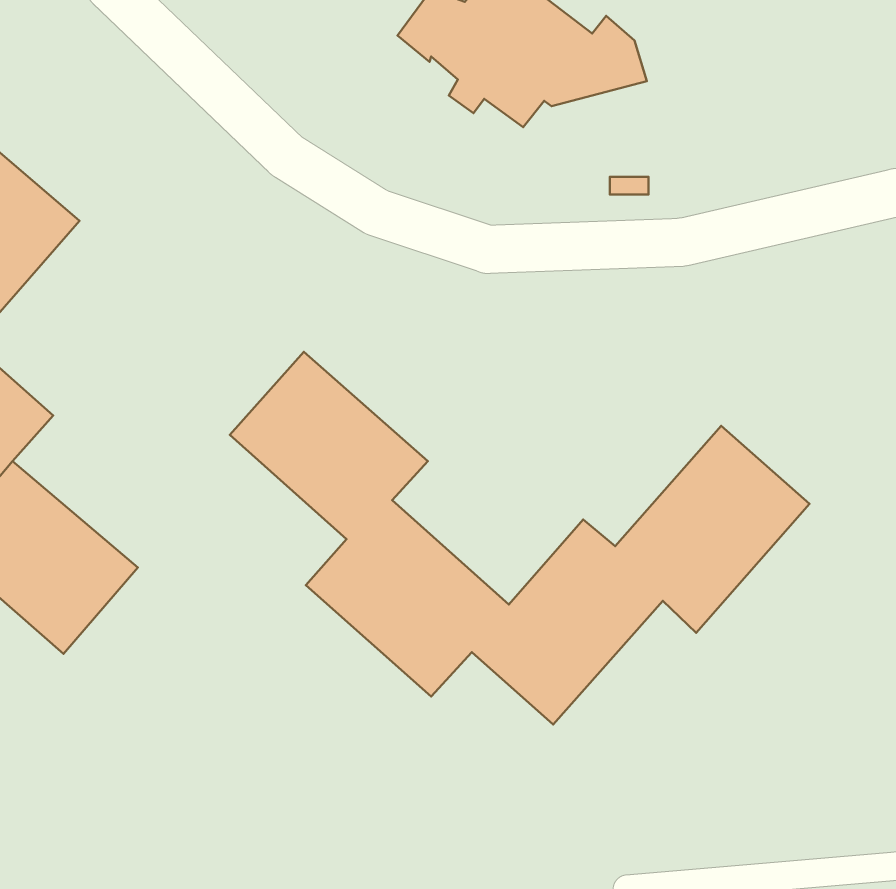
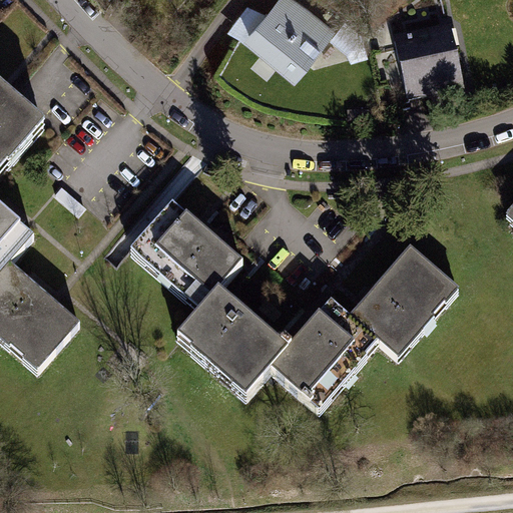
building: none -> [394,16,464,90]

